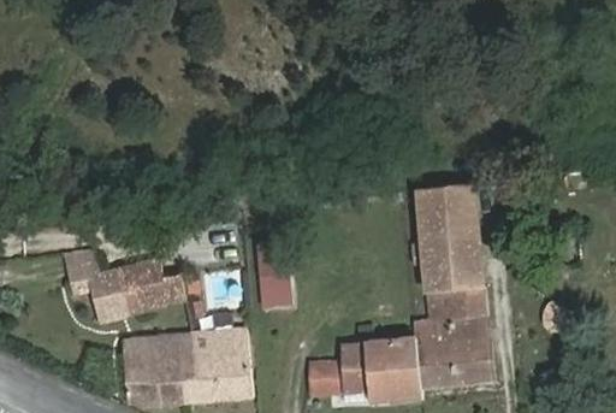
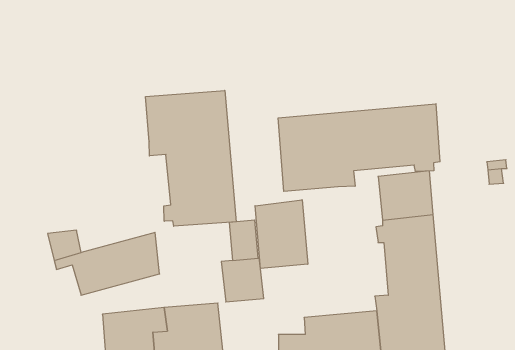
building: none -> [146,90,236,226]
building: none -> [278,104,440,191]
building: none -> [255,200,308,269]

